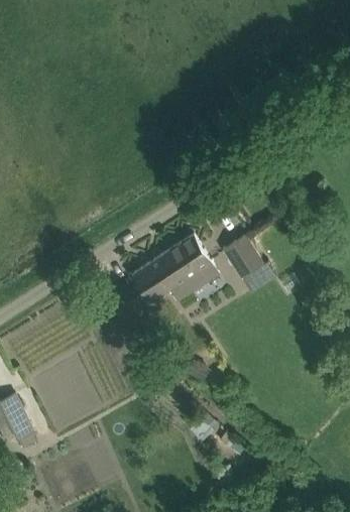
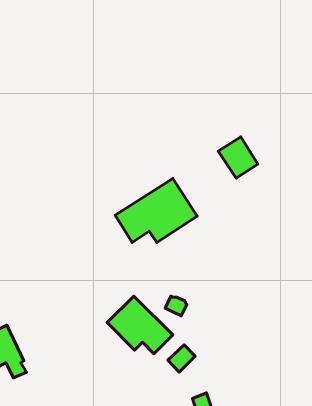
building: [222,236,264,280] -> [218,137,258,178]
building: none -> [107,296,173,354]

